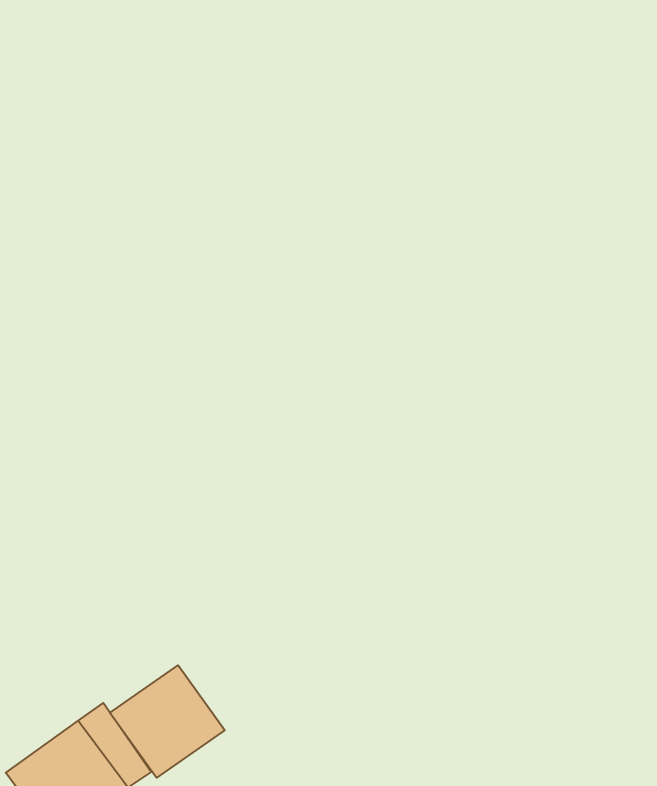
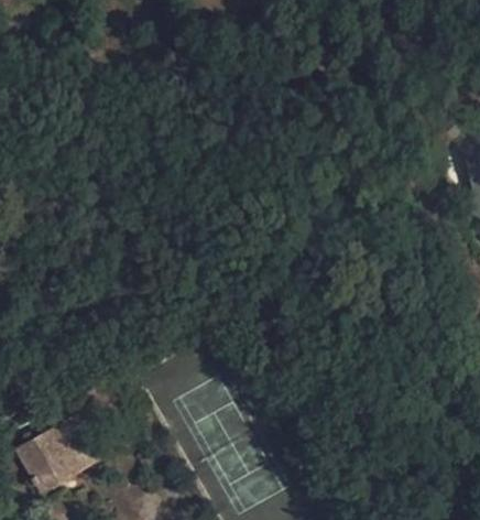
building: [110,665,225,778] -> none

